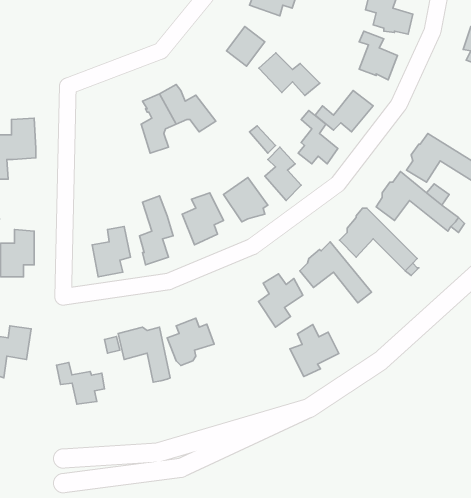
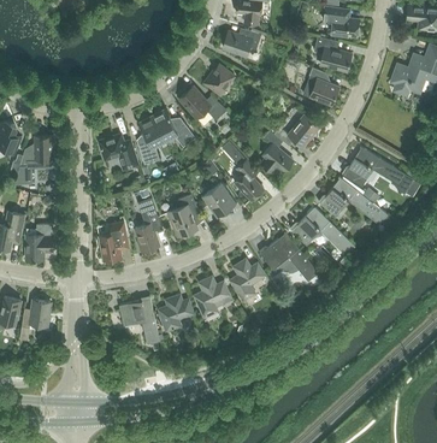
building: [259,53,320,96] -> [178,87,226,120]
building: none -> [98,134,137,169]
building: [290,325,339,376] -> [193,276,231,317]
building: [56,362,105,404] -> none

